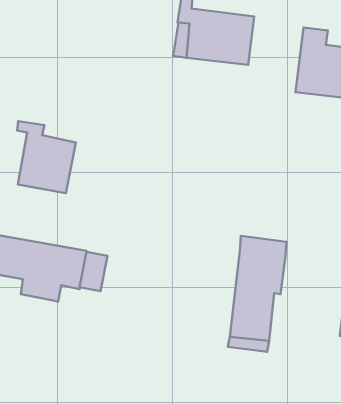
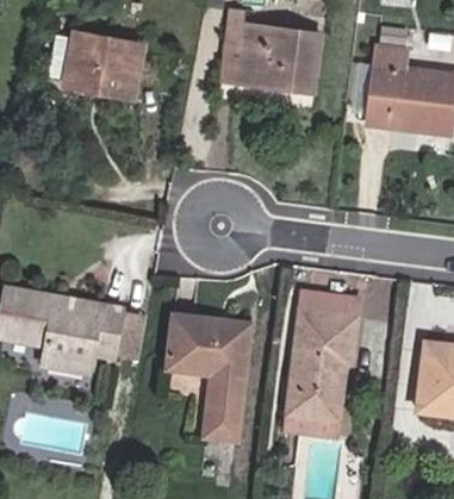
building: none -> [67,36,139,94]
building: [17,121,76,193] -> none
building: none -> [168,317,248,436]

